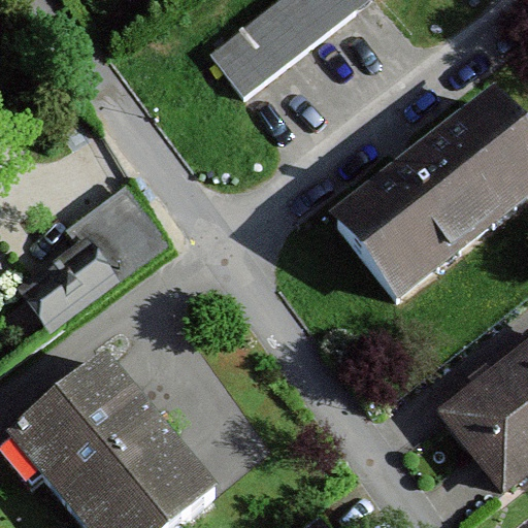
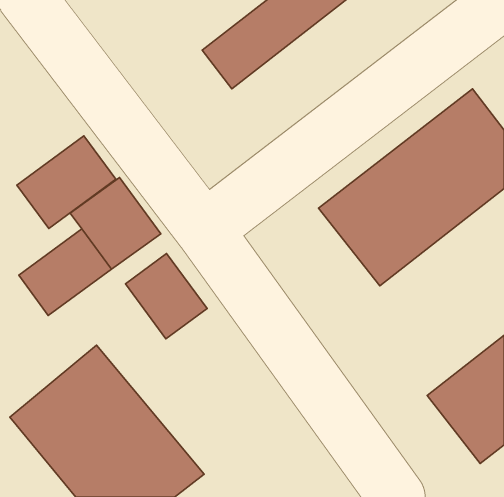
building: none -> [17,136,116,229]
building: none -> [125,254,207,339]

